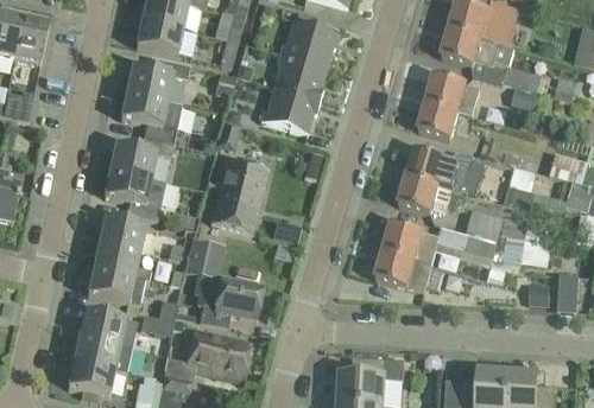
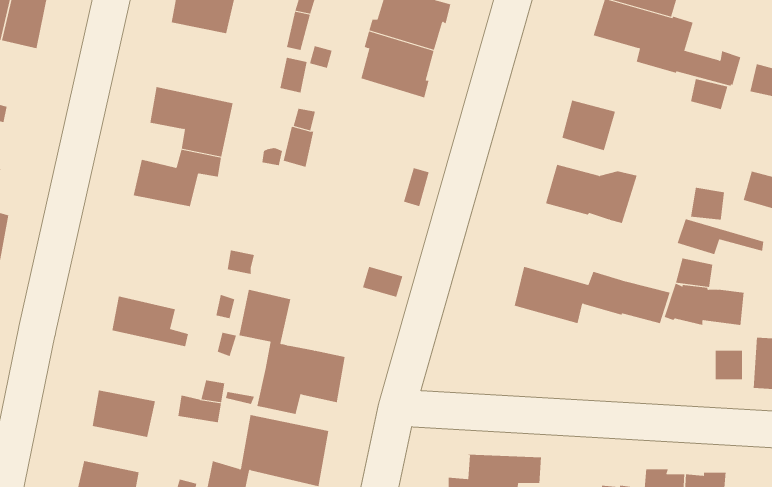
building: [126,59,190,104] -> none
building: [425,74,479,114] -> none
building: [260,87,320,134] -> none
building: [210,159,268,232] -> none
building: [105,171,165,222] -> none
building: [398,177,453,213] -> none
building: [465,208,503,241] -> none
building: [99,218,145,253] -> none
building: [375,250,444,292] -> none
building: [88,268,147,305] -> none
building: [74,337,131,372] -> none

